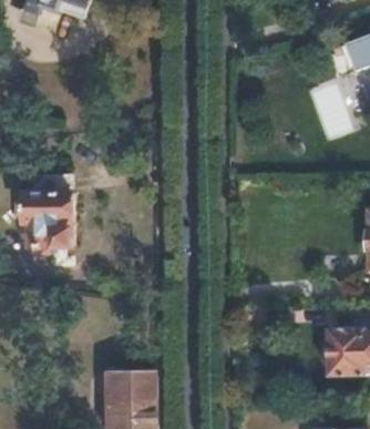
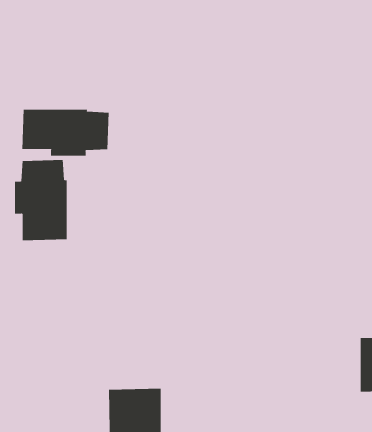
building: none -> [22,109,109,157]

